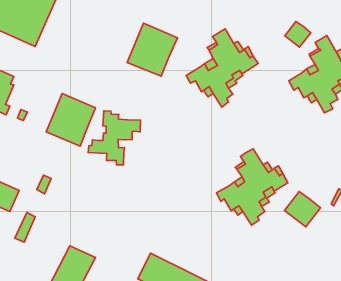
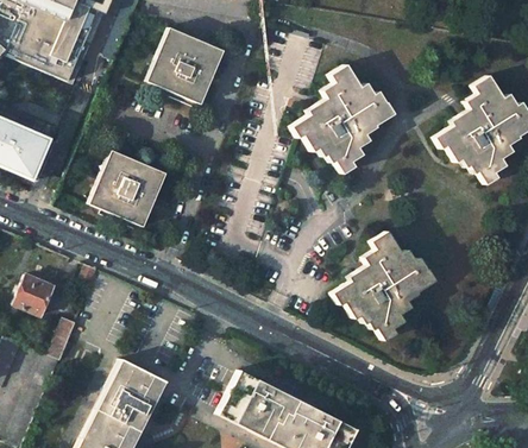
building: [285,22,311,47] -> none
building: [127,23,177,76] -> [149,29,219,102]
building: [88,111,140,165] -> none
building: [285,192,320,227] -> none

